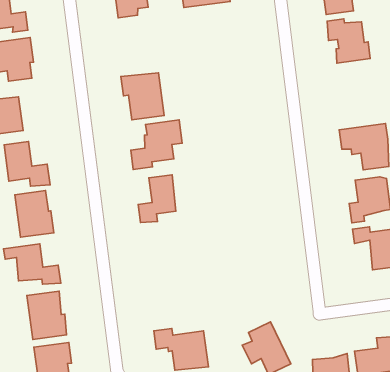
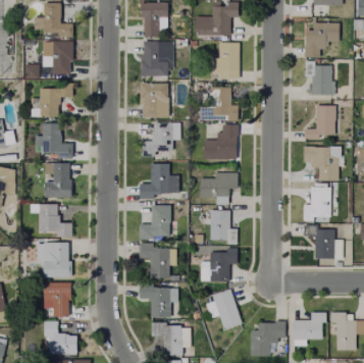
building: none -> [212,46,240,81]
building: none -> [141,43,171,76]
building: none -> [210,87,239,120]
building: none -> [304,105,335,139]
building: none -> [204,125,238,159]
building: none -> [200,172,238,205]
building: none -> [210,211,238,244]
building: none -> [140,206,176,236]
building: none -> [201,248,237,281]
building: none -> [139,244,174,277]

